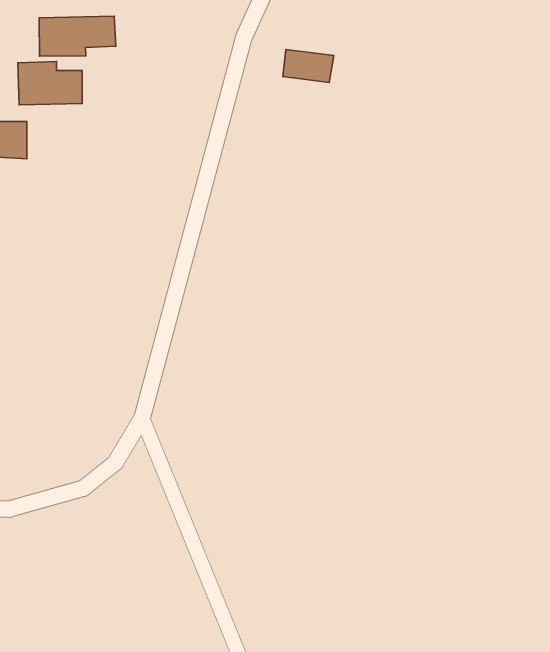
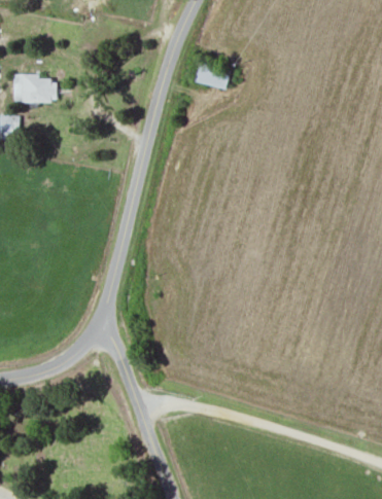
building: [39,16,116,56] -> none

